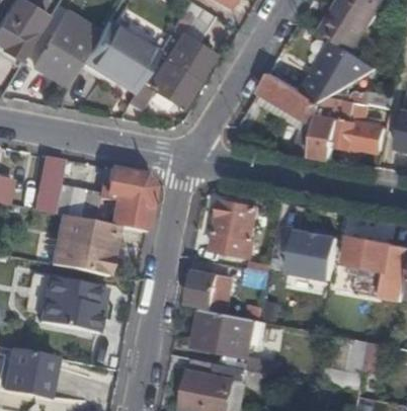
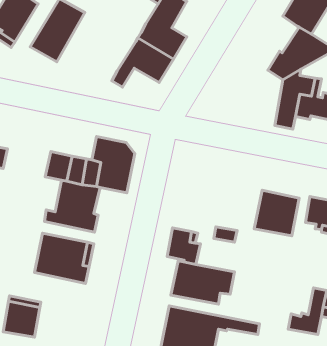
building: [82,19,160,94] -> none
building: [258,74,320,156] -> none
building: [30,156,63,214] -> none
building: [212,201,257,257] -> none

